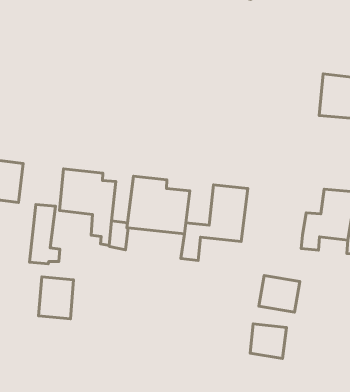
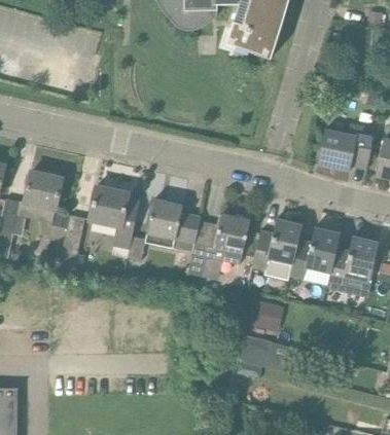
building: none -> [252,218,303,269]
building: [39,277,74,319] -> none

